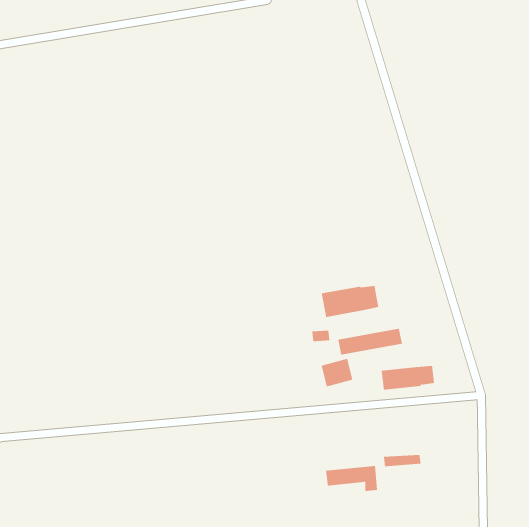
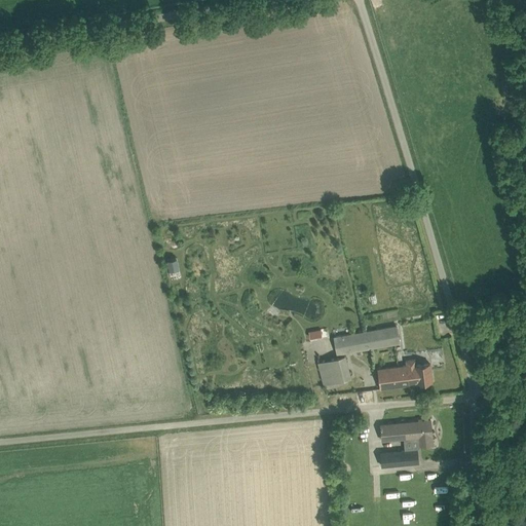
building: [321,285,379,318] -> none
building: [325,465,378,491] -> [380,421,433,447]

